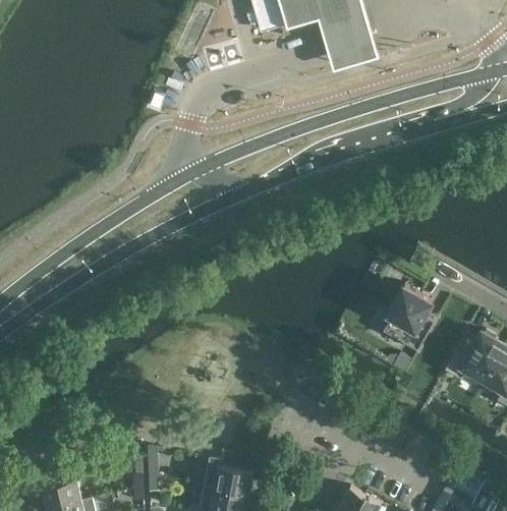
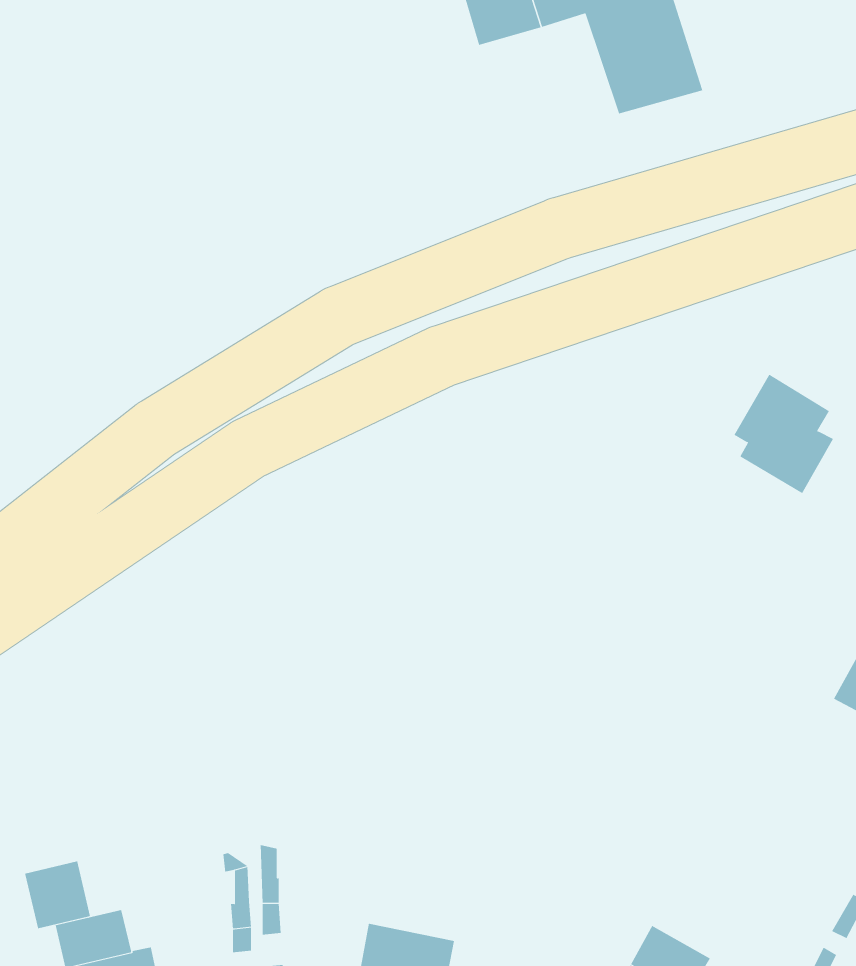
building: [379,292,431,354] -> [733,374,834,494]
building: none -> [25,860,91,929]
building: [205,457,254,495] -> none

